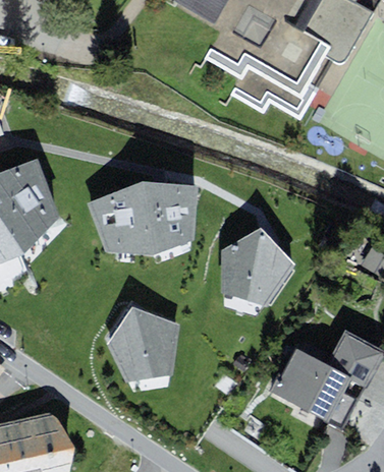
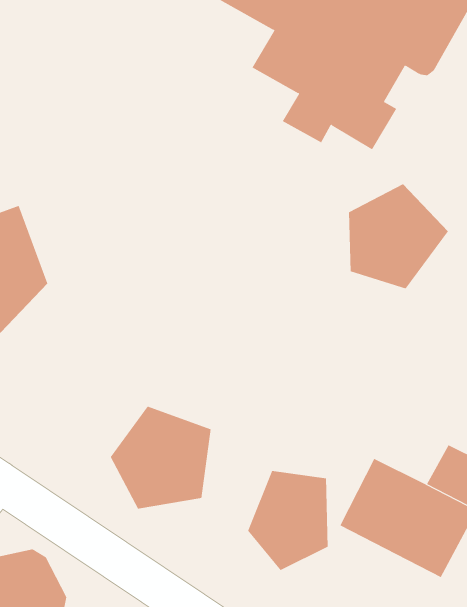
building: [86,182,197,255] -> none
building: [220,228,294,306] -> [348,183,449,289]
building: none -> [247,470,328,571]

